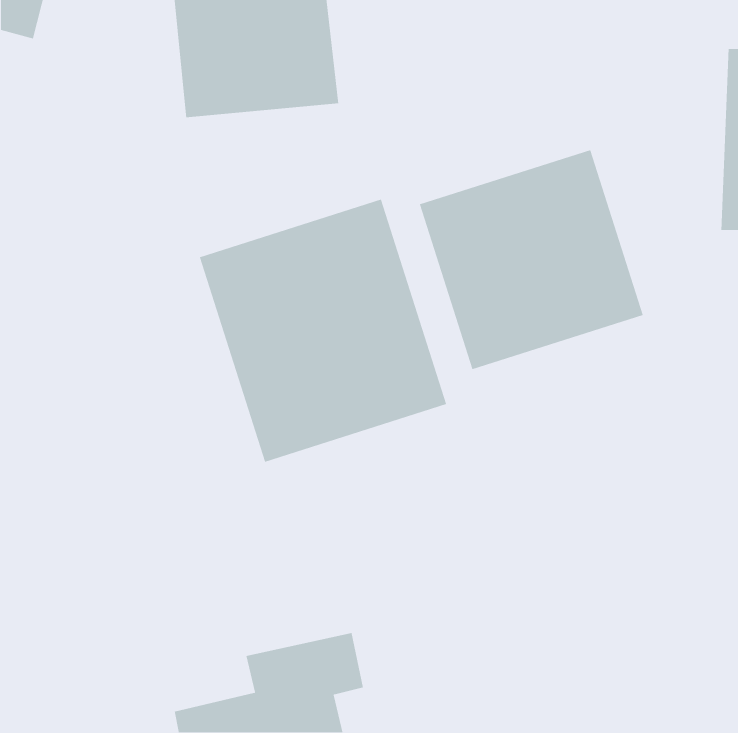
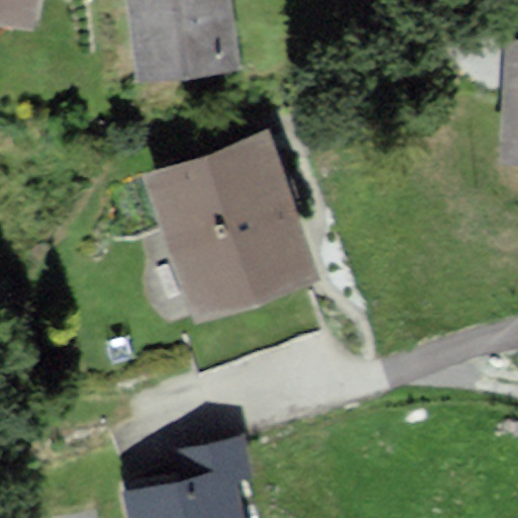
building: [419,149,644,370] -> none

